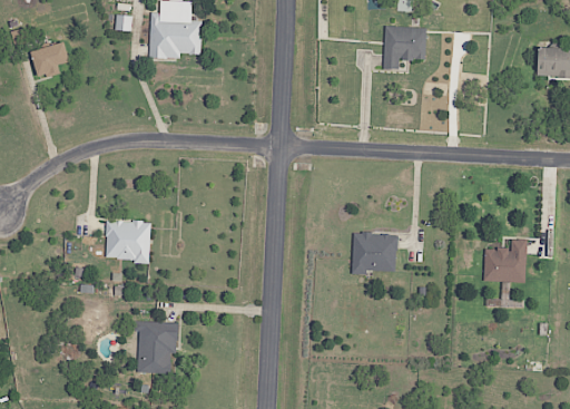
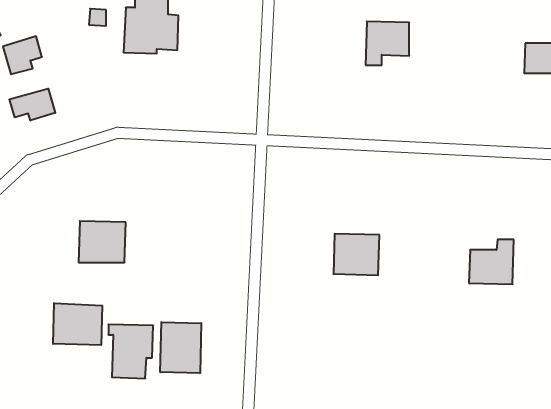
building: none -> [9,89,55,121]
building: none -> [53,303,102,345]
building: none -> [160,322,201,373]

